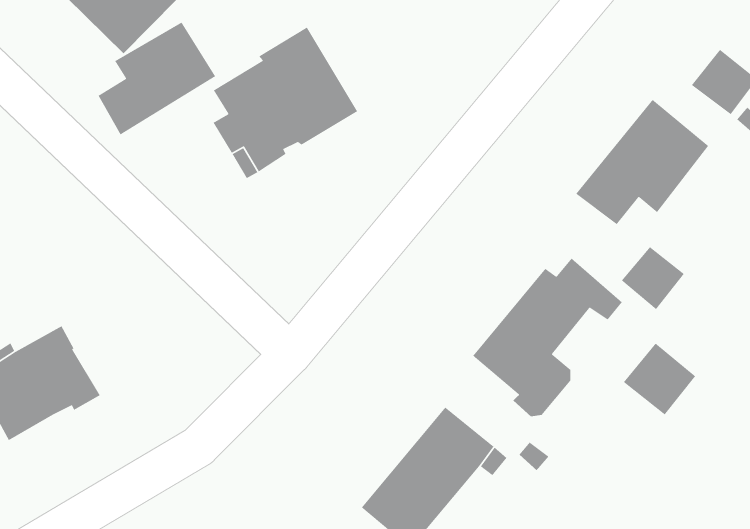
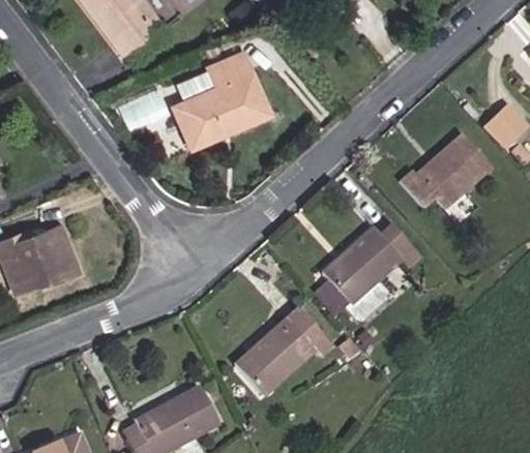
building: [98,21,216,135] -> none
building: [621,246,685,310] -> none
building: [623,343,696,416] -> none

